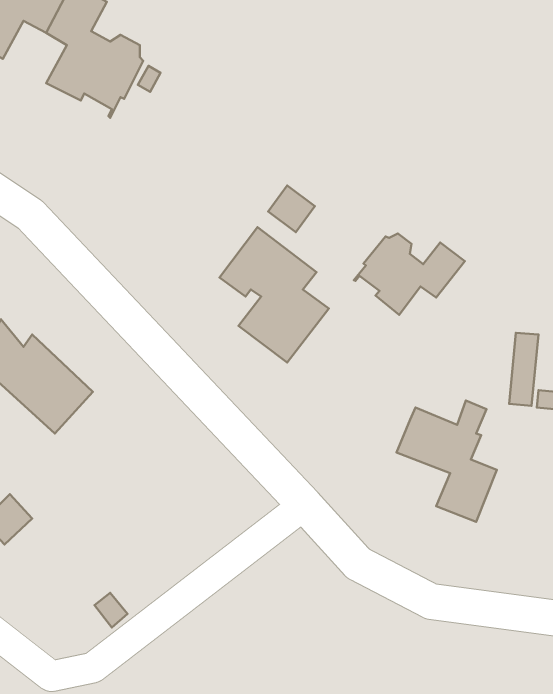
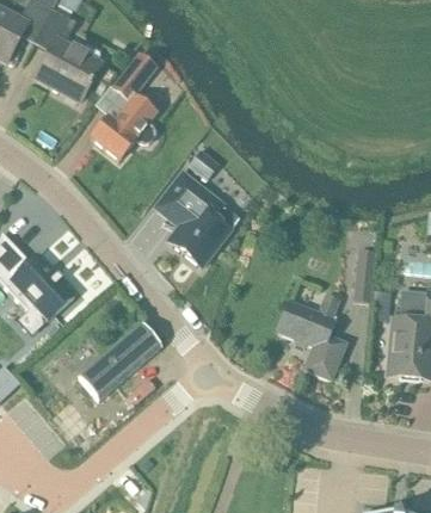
building: none -> [92,54,158,157]
building: [354,234,465,315] -> none
building: none -> [79,323,160,398]

